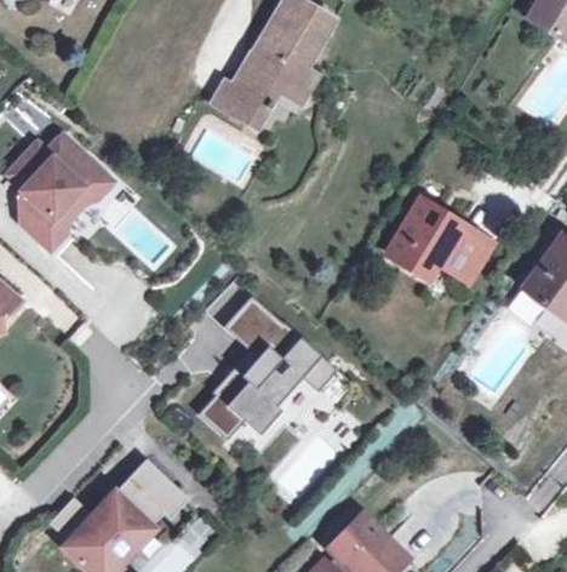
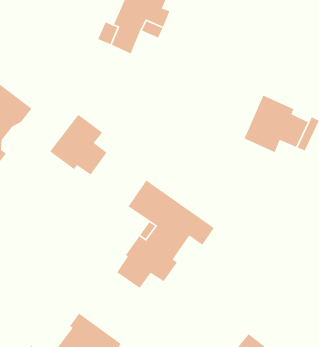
building: none -> [49,114,108,175]

